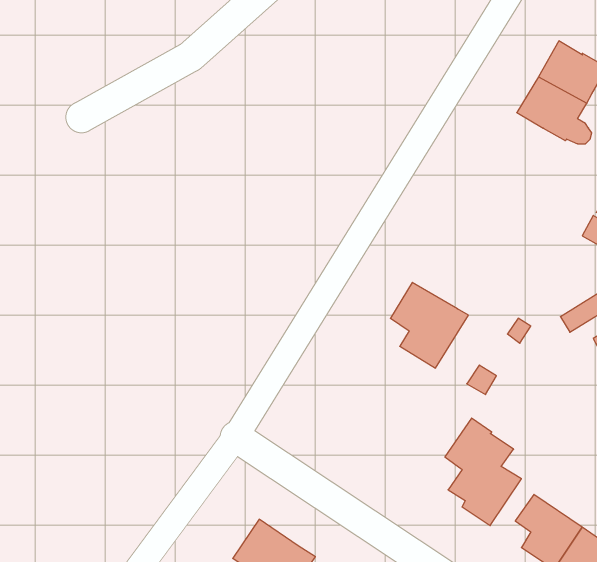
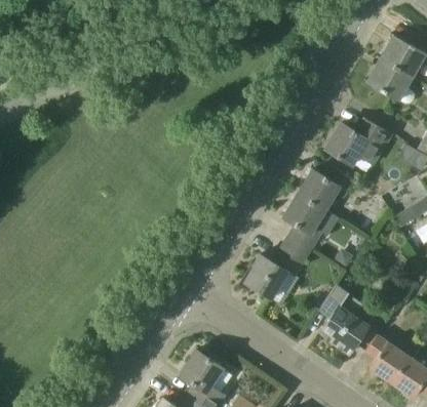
building: none -> [324,117,393,167]
building: none -> [297,166,354,211]
building: none -> [244,236,312,298]

